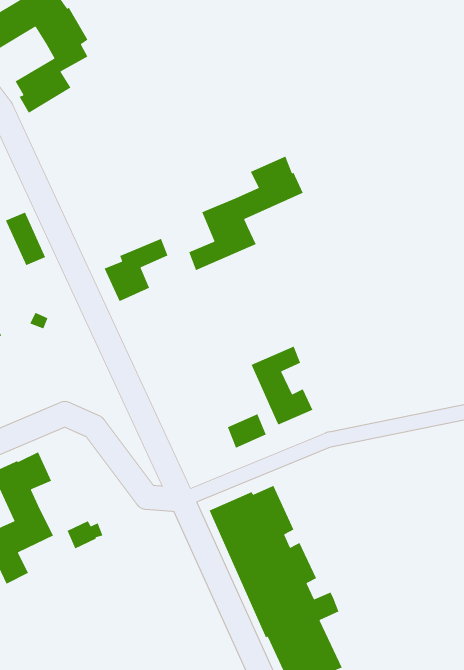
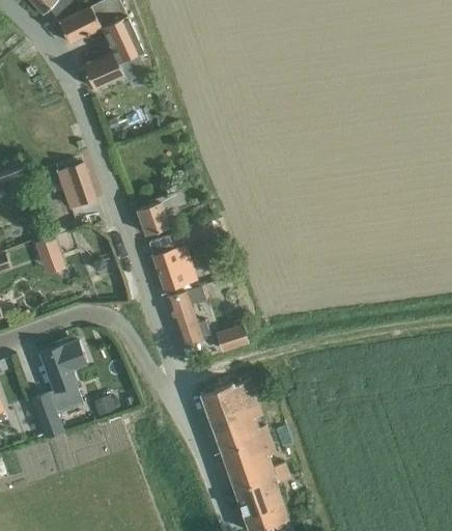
building: [188,155,304,271] -> none
building: none -> [149,235,196,289]
building: [251,345,314,426] -> [168,286,211,344]

